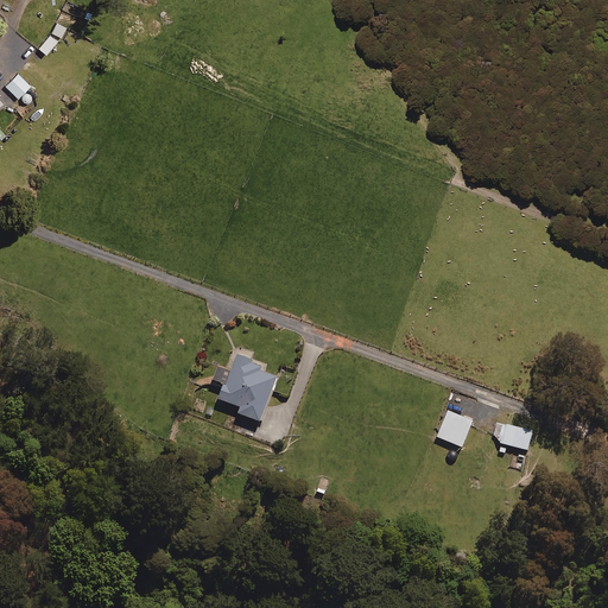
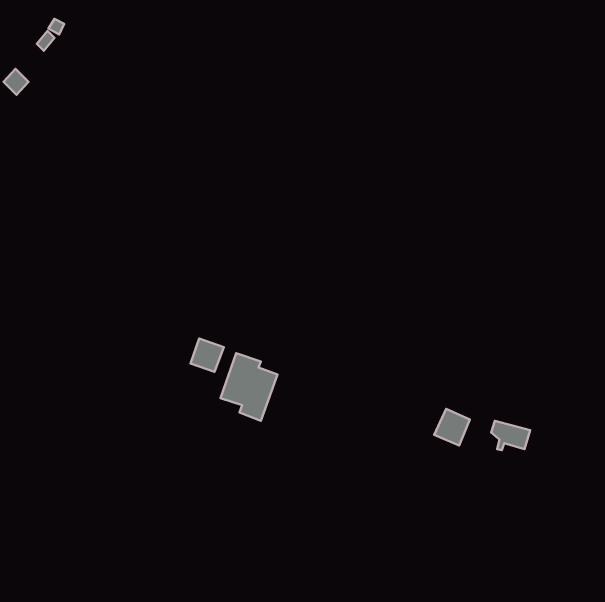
building: none -> [191,338,224,372]

